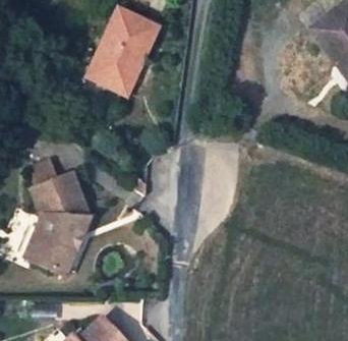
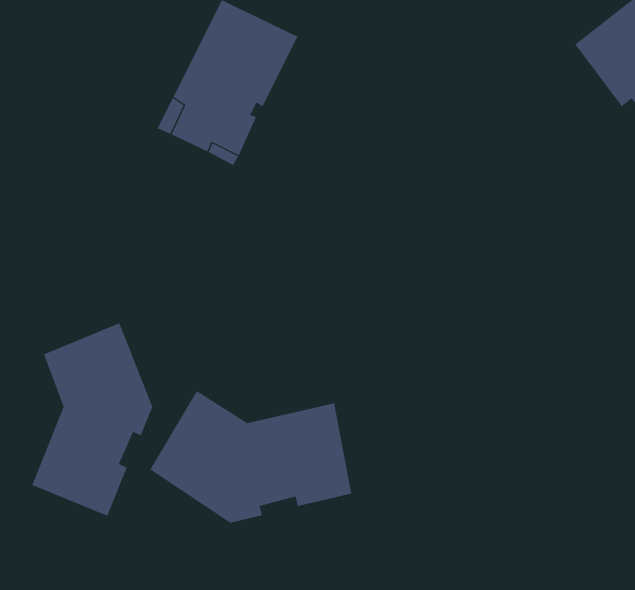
building: none -> [150,390,352,523]

